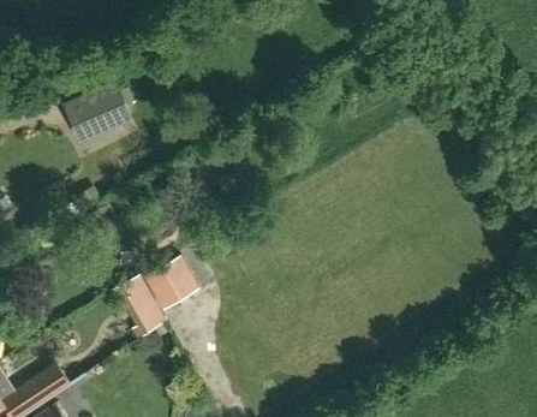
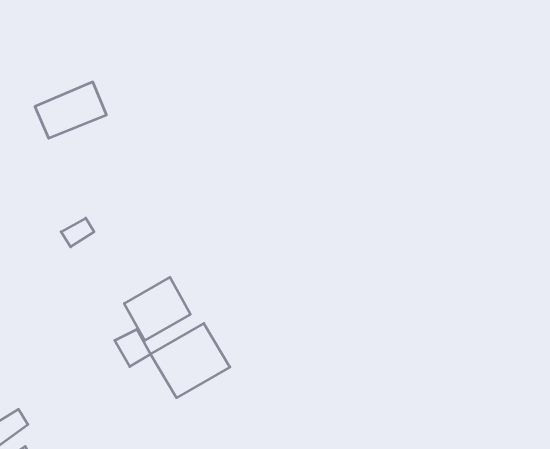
building: none -> [150,323,230,398]

